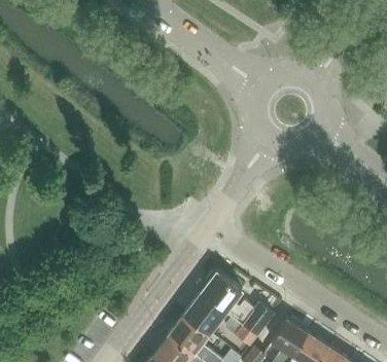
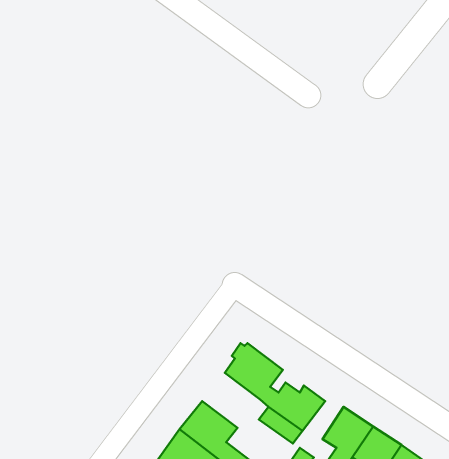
building: [184,293,226,333] -> none

